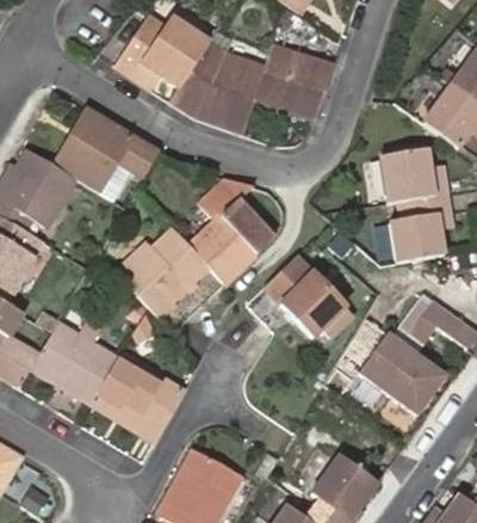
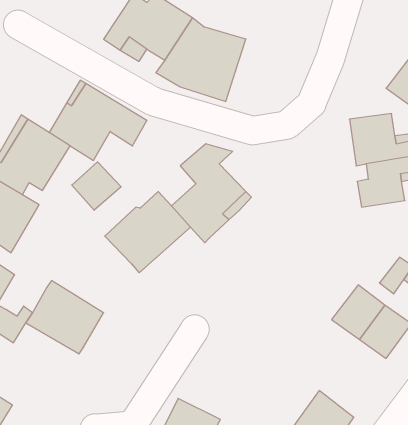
building: [258,45,337,121] -> none
building: none -> [72,162,121,210]
building: [268,256,349,337] -> none
building: [94,355,184,444] -> none

